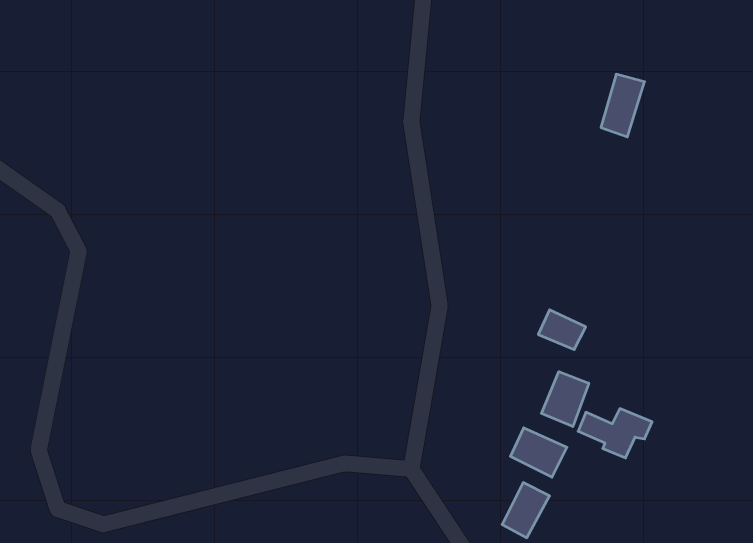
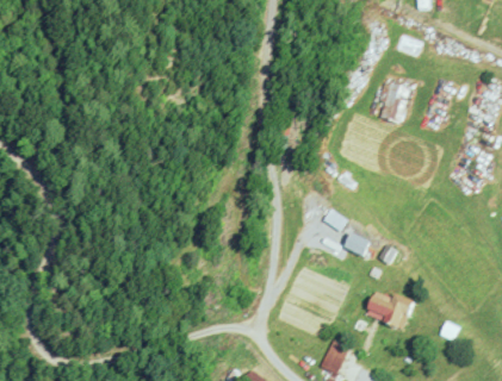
building: [541,372,589,427] -> none
building: [510,428,567,477] -> none

